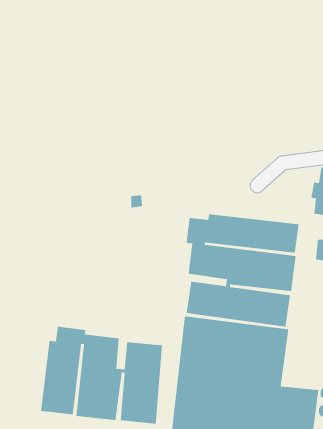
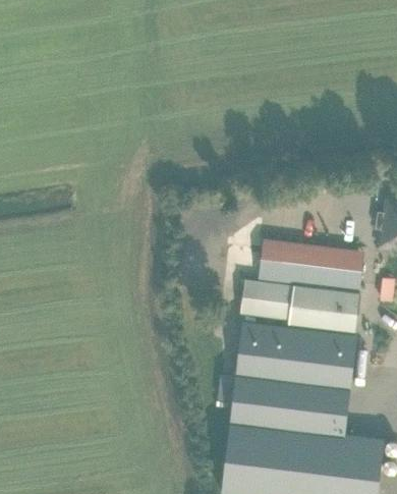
building: [40,326,163,424] -> none

